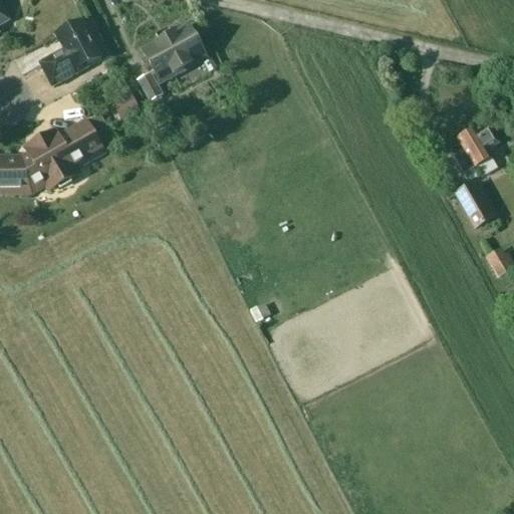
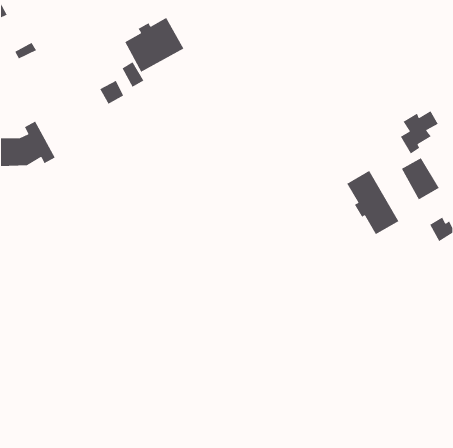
building: [40,16,101,84] -> none
building: [40,119,102,179] -> none
building: none -> [346,170,399,235]

